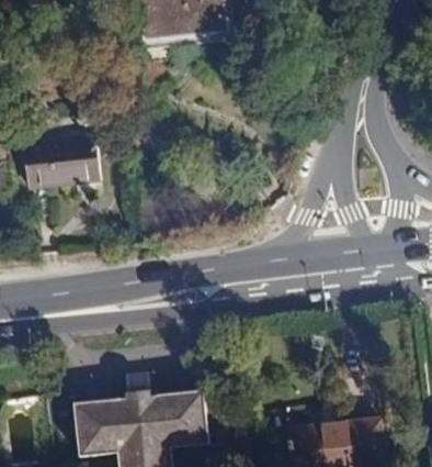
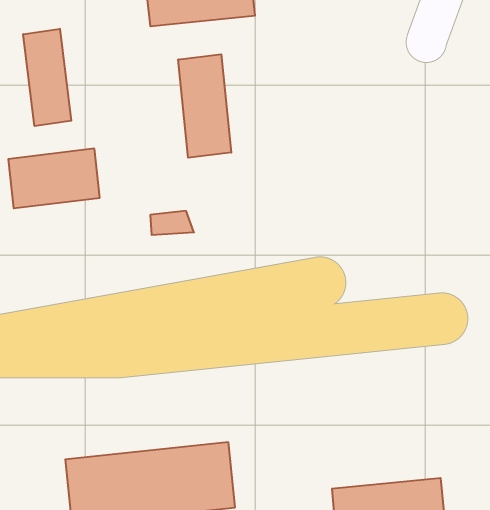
building: none -> [23,29,71,126]
building: none -> [178,54,231,158]

